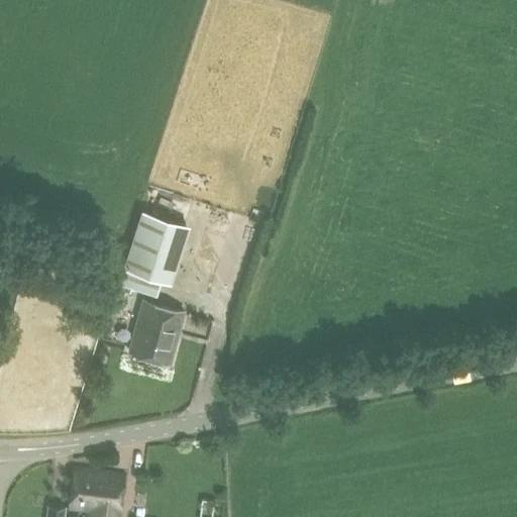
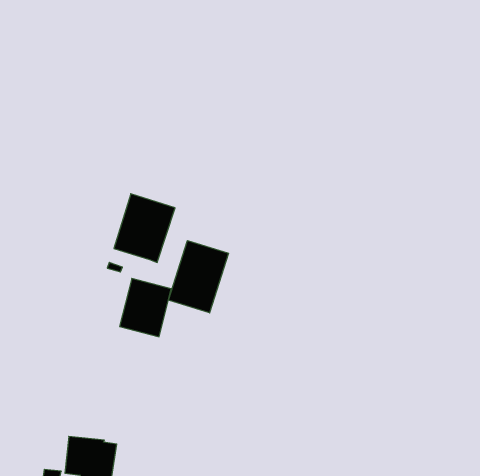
building: none -> [169,241,229,313]

